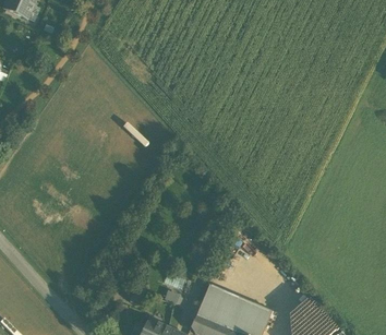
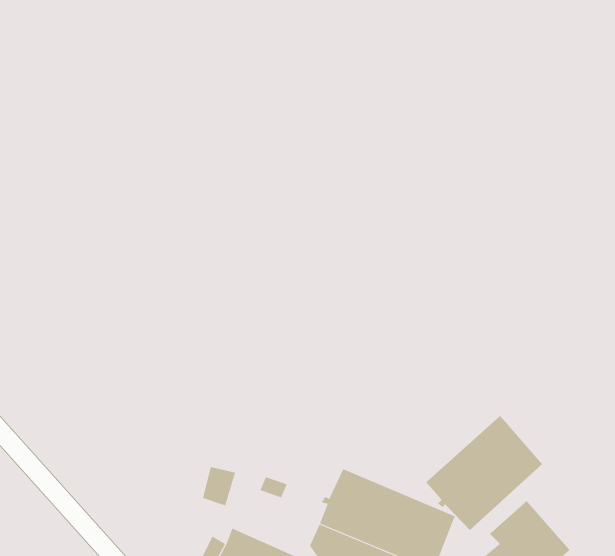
building: none -> [425,415,543,531]

